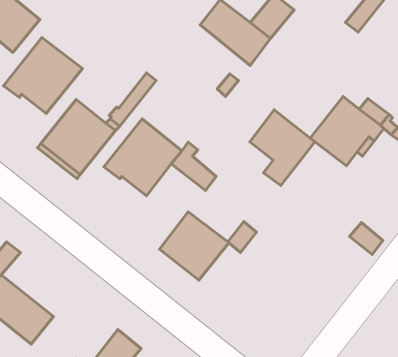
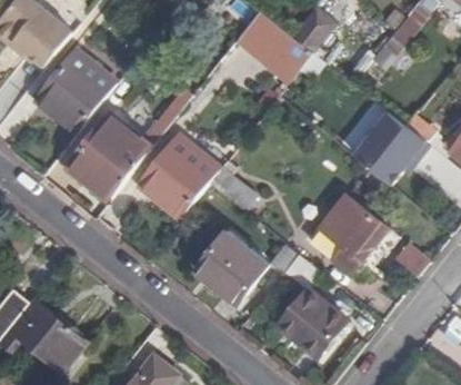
building: [250,110,315,186] -> [318,195,385,274]
building: none -> [279,290,345,356]

